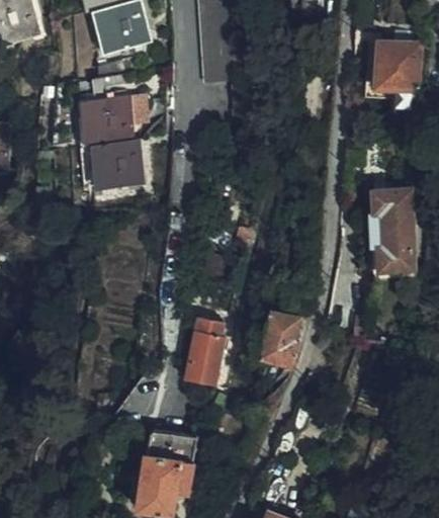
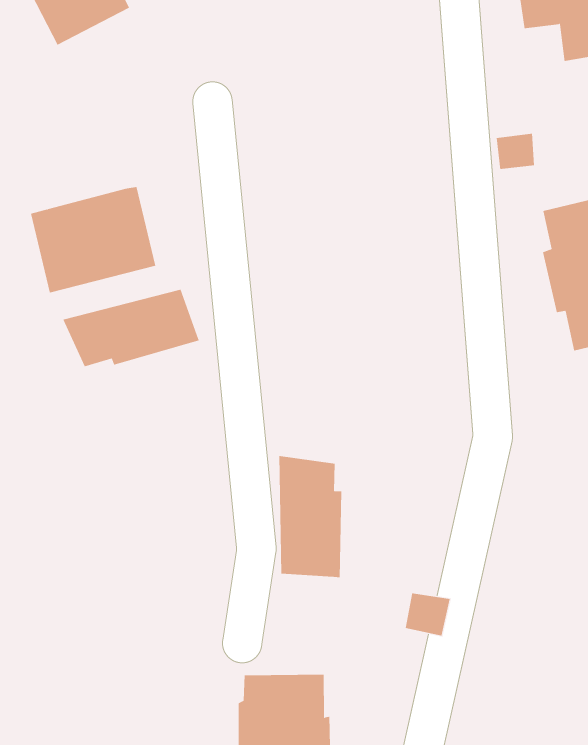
building: [85,97,134,145] -> none
building: none -> [62,289,200,367]
building: [257,312,297,369] -> none

